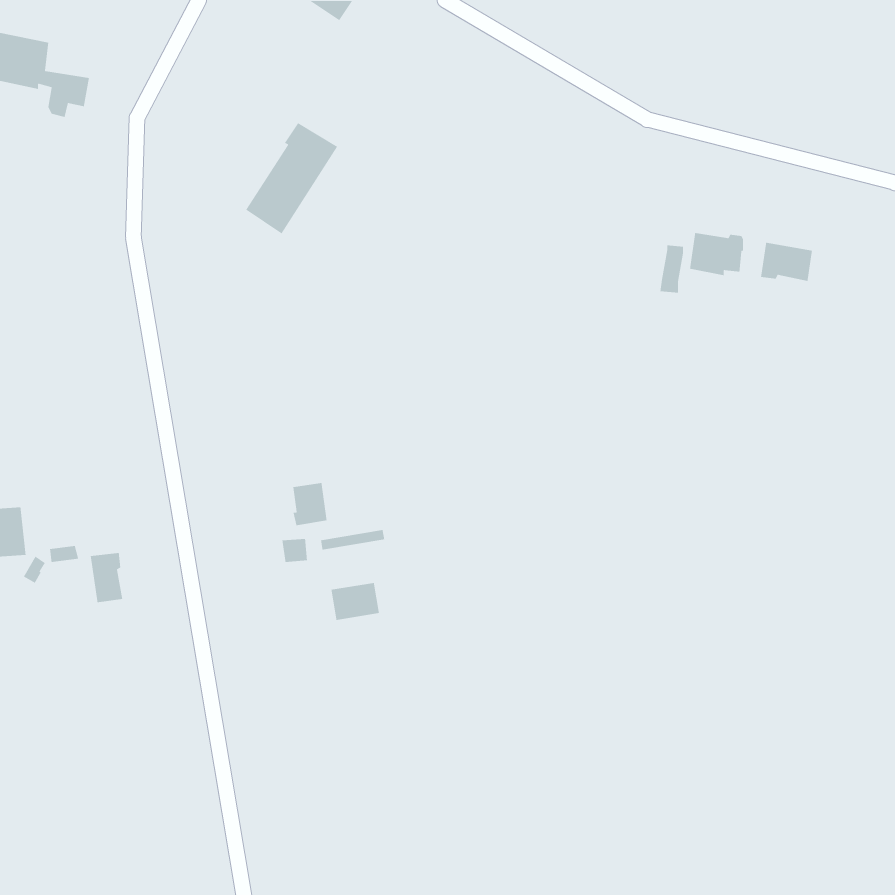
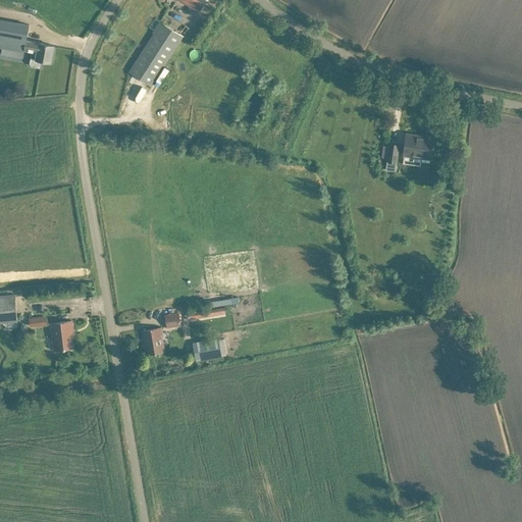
building: [245,122,338,235] -> [127,21,181,87]
building: [760,242,813,282] -> none
building: [289,482,328,526] -> [141,329,163,355]

